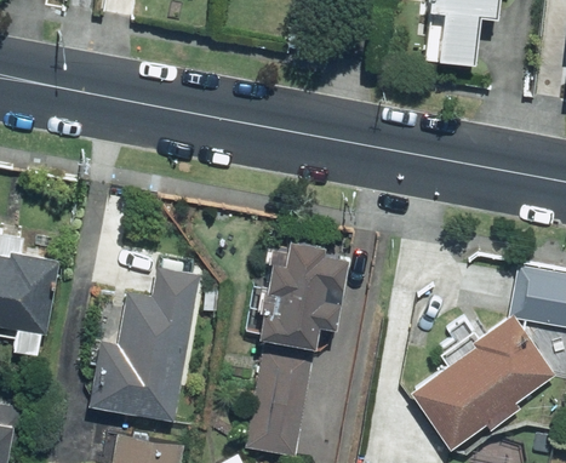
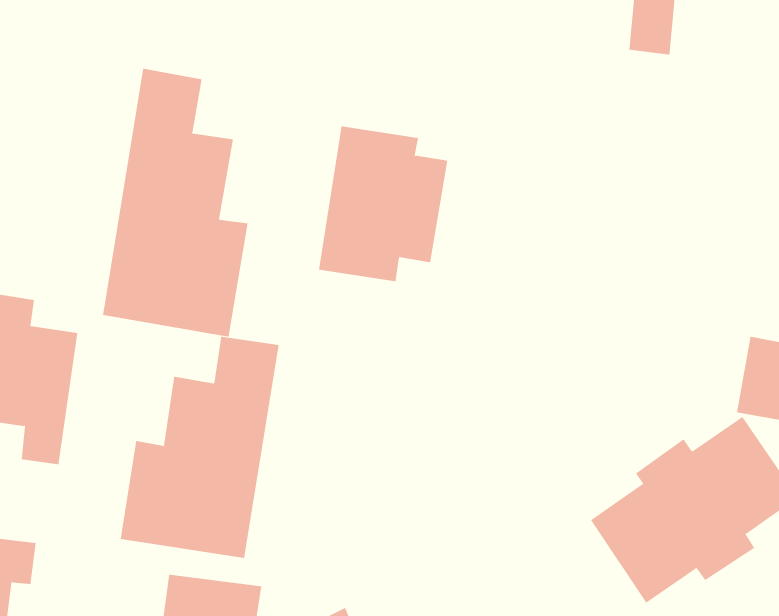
building: none -> [102,68,248,337]
building: [255,236,345,345] -> [318,126,448,282]
building: [251,349,313,453] -> none

